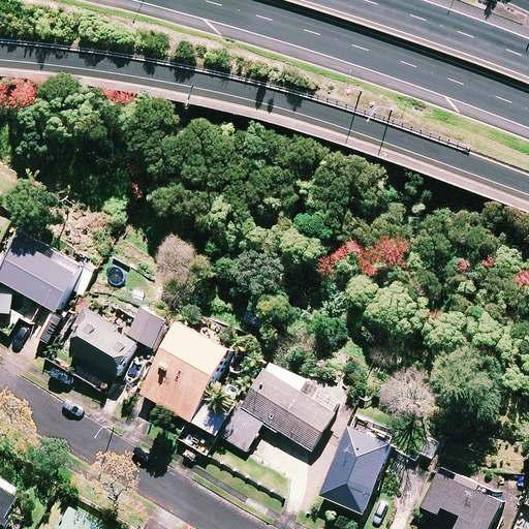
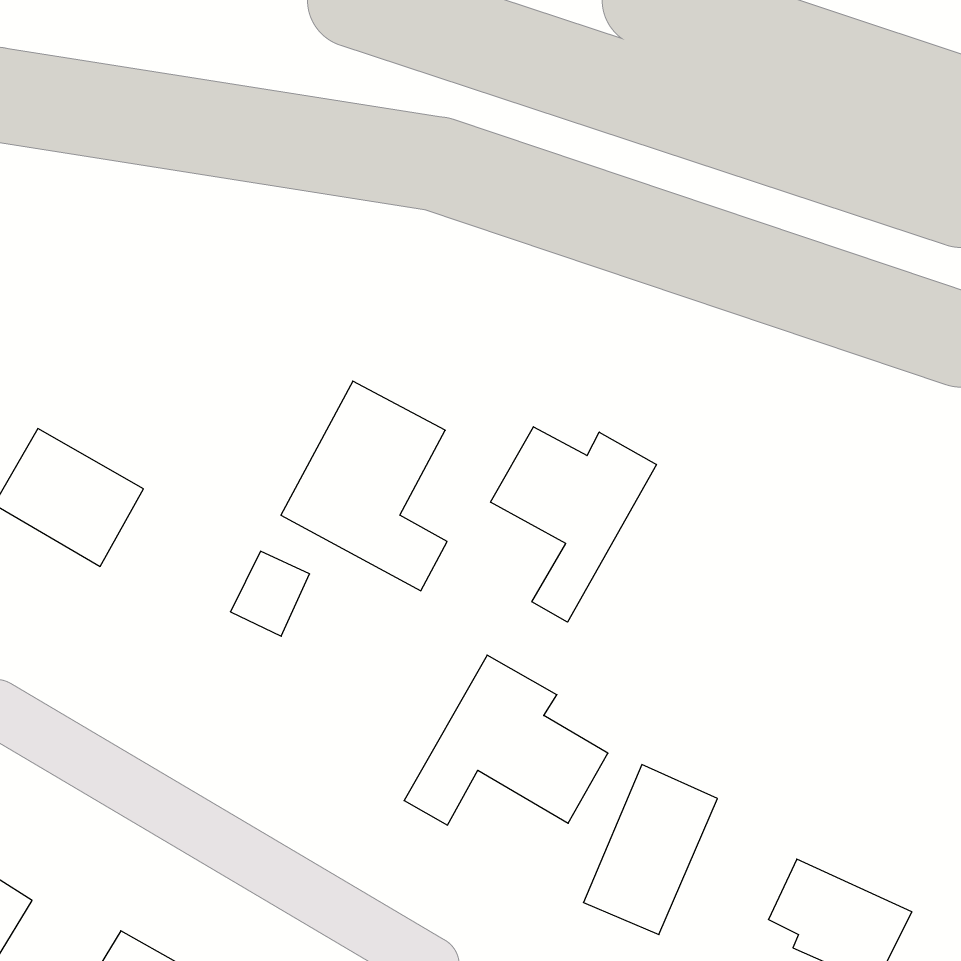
building: none -> [491,427,656,622]
building: [68,319,134,378] -> none
building: [138,321,229,436] -> [281,381,447,591]

